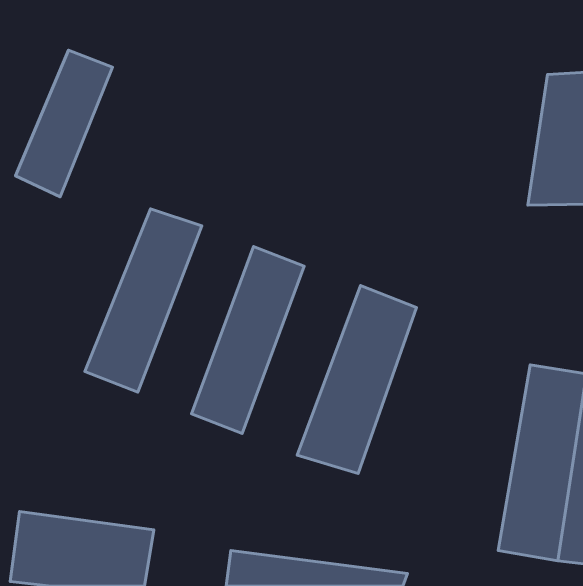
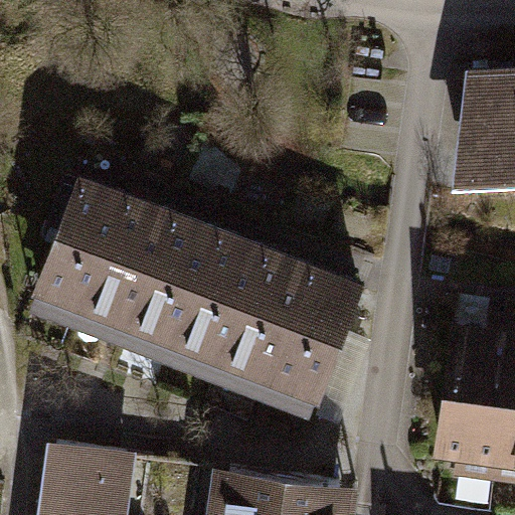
building: [15,50,112,197] -> none
building: none -> [26,164,135,326]
building: none -> [124,198,225,363]
building: none -> [215,233,319,399]

